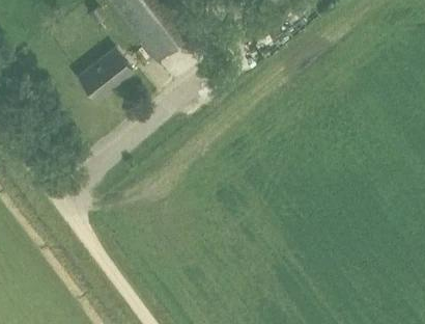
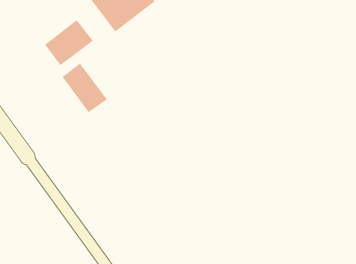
building: none -> [62,63,108,113]

